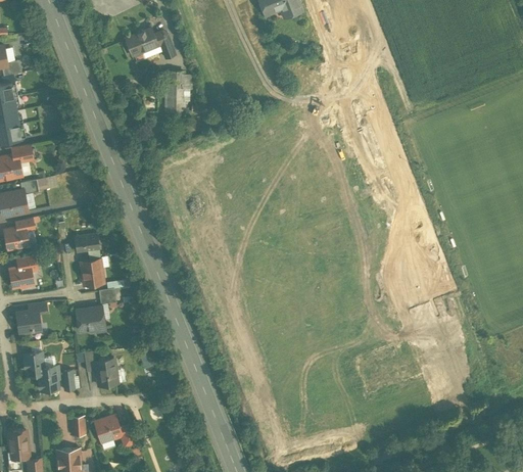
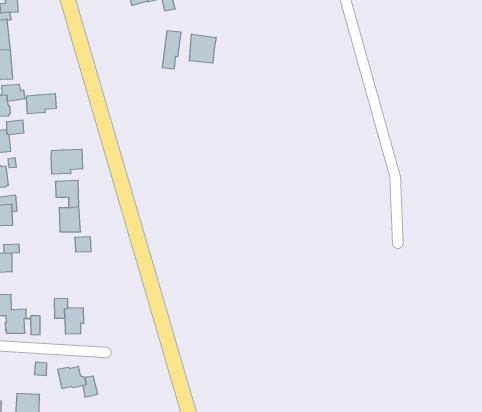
building: none -> [189,34,216,63]
building: none -> [26,94,56,114]
building: none -> [51,149,83,174]
building: [77,306,105,334] -> none

